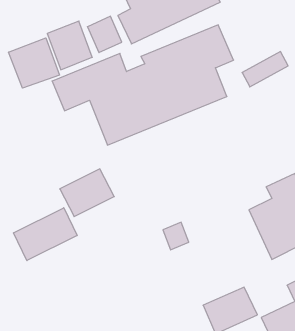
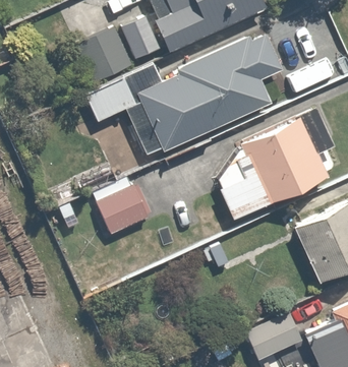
building: [9,38,60,88] -> none
building: none -> [216,111,328,219]
building: [14,208,77,261] -> none

